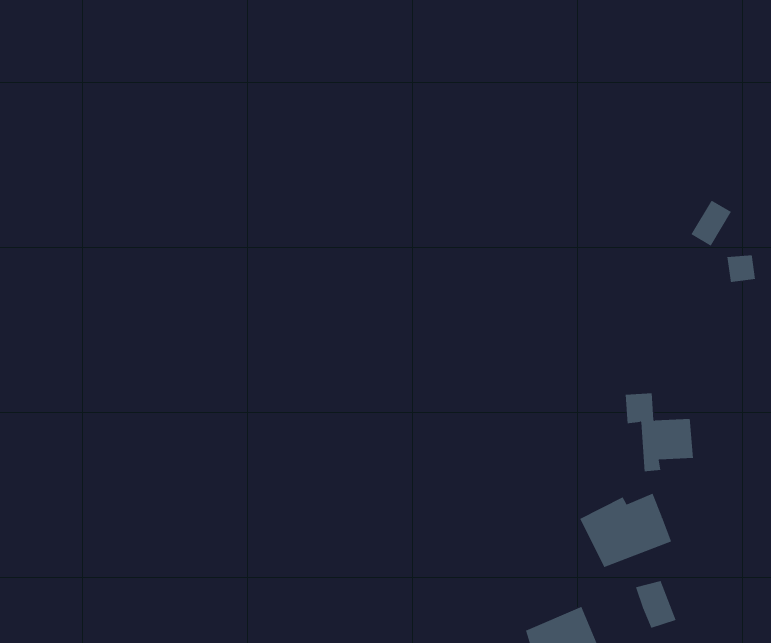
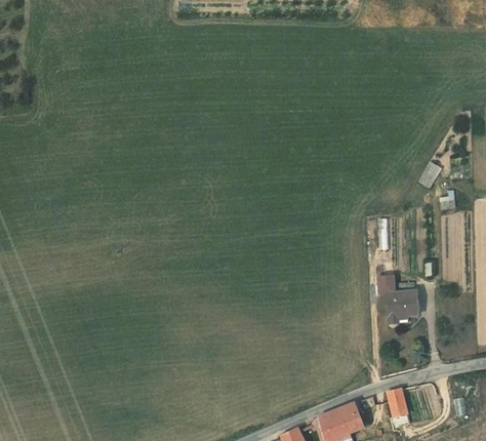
building: [579,493,672,568] -> none

